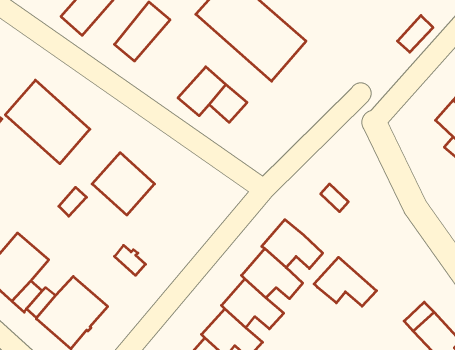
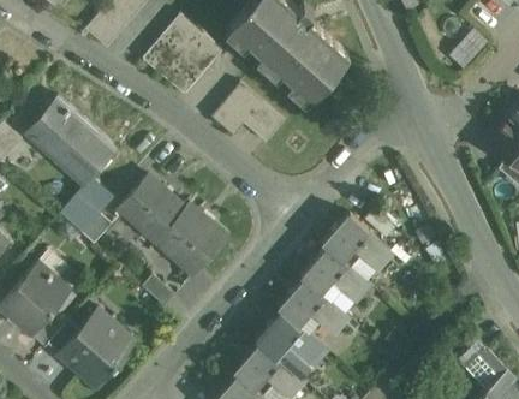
building: none -> [163,32,223,95]
building: none -> [61,186,107,233]
building: none -> [155,204,226,275]
building: [314,257,377,306] -> [322,215,389,268]

